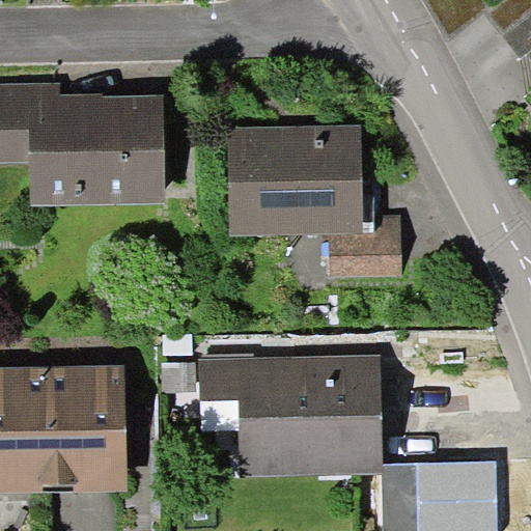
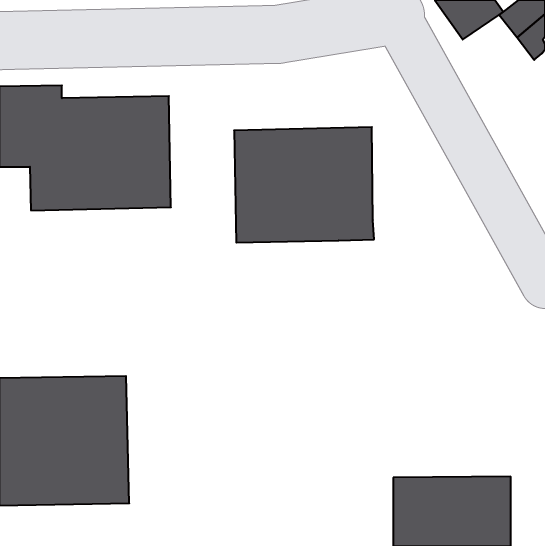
building: [328,214,401,278] -> none
building: [198,355,382,475] -> none

